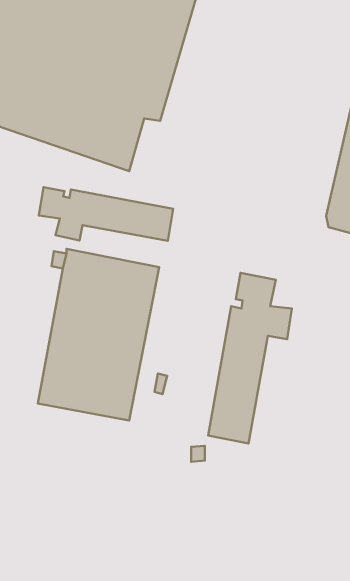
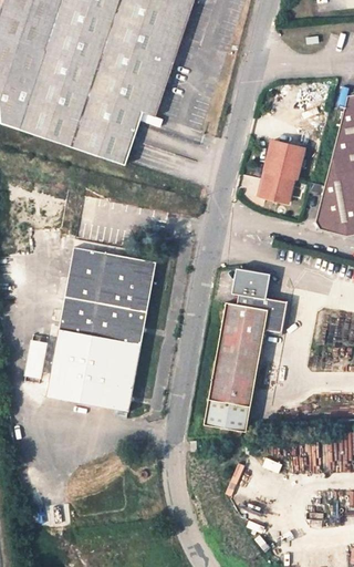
building: none -> [263,144,306,207]
building: [39,187,173,241] -> none

